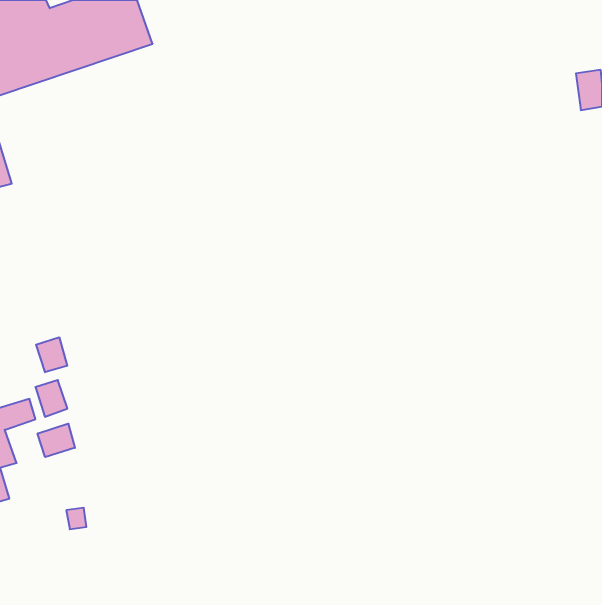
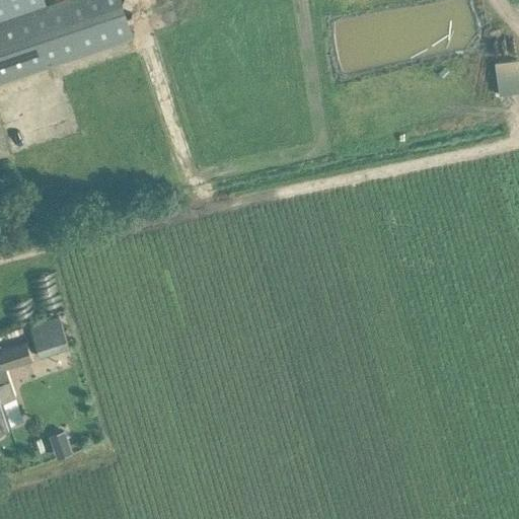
building: [36,337,67,372] -> none
building: [38,424,75,457] -> none

